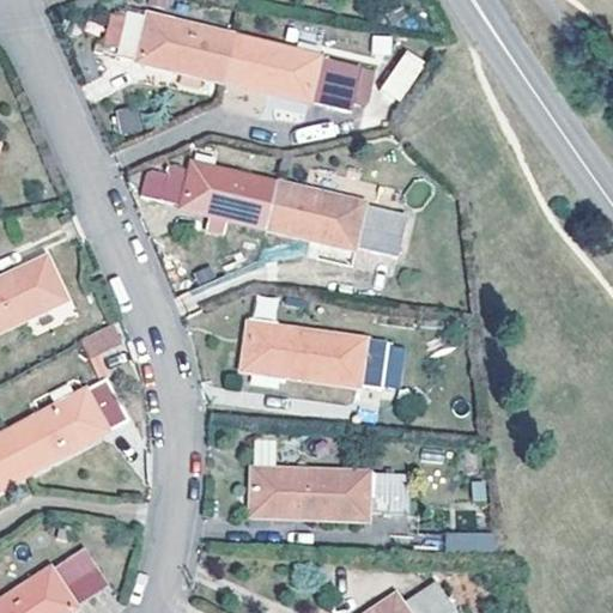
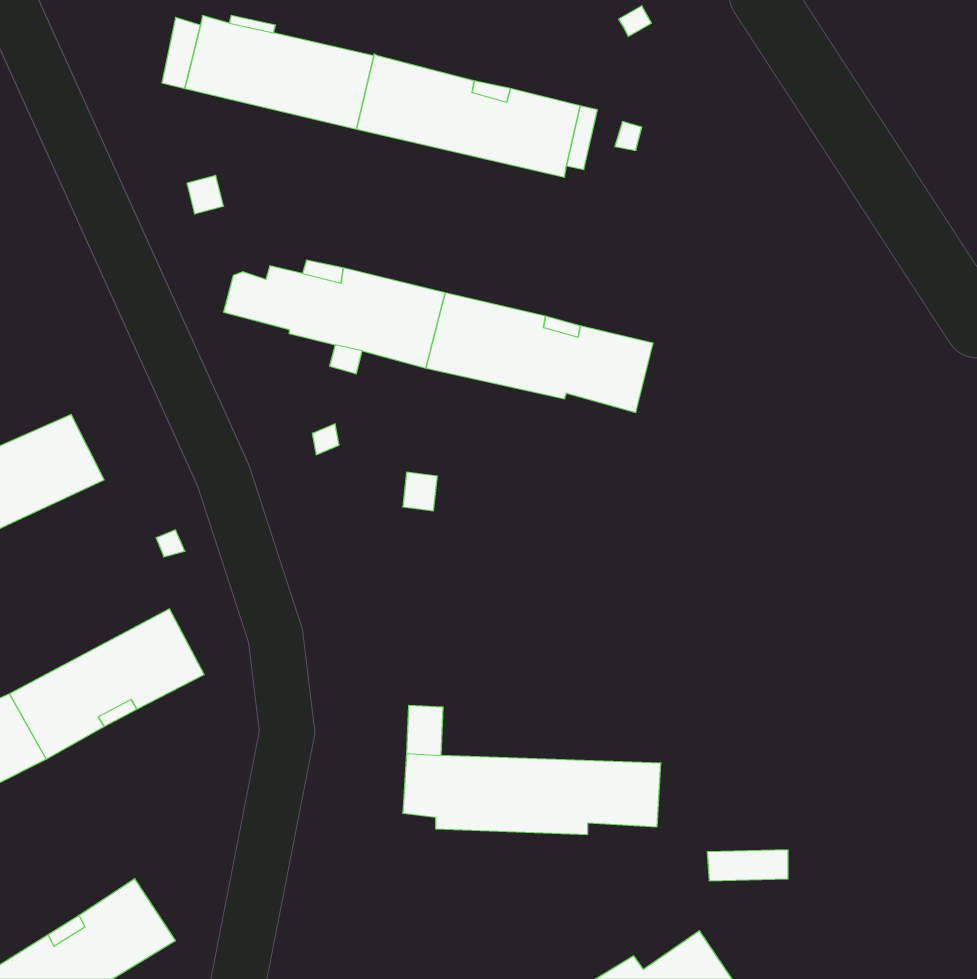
building: [242,323,387,388] -> none

